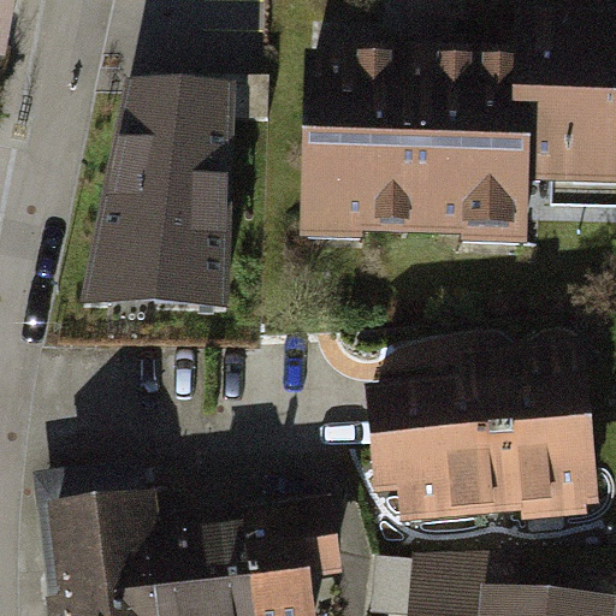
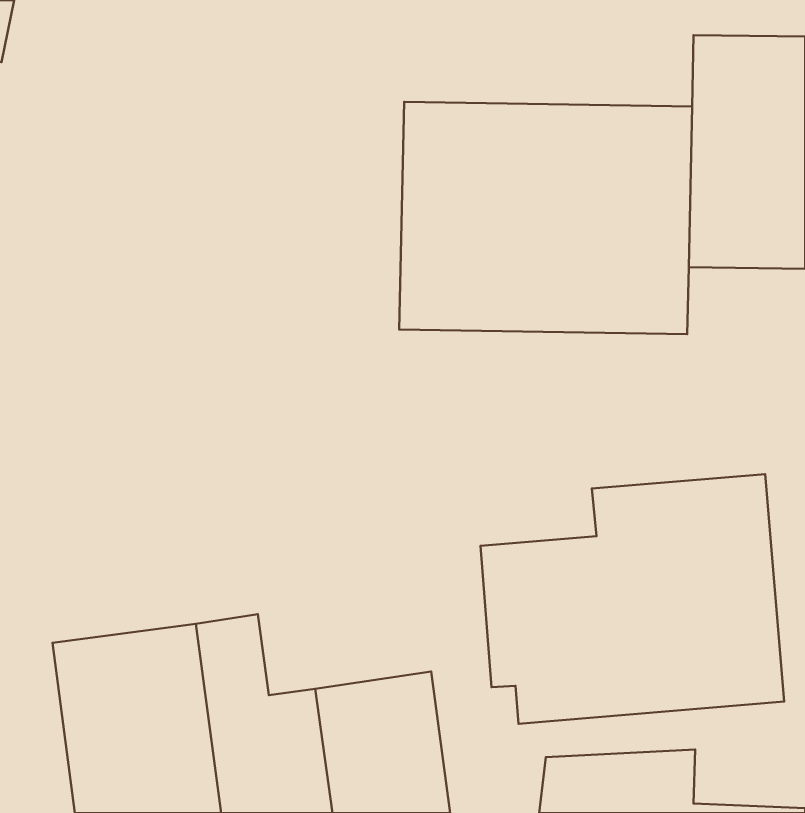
building: [83,96,239,324] -> none

